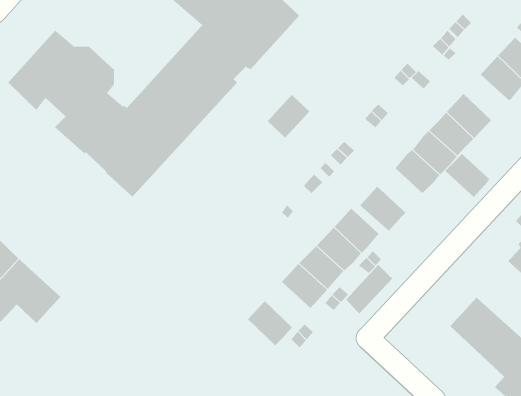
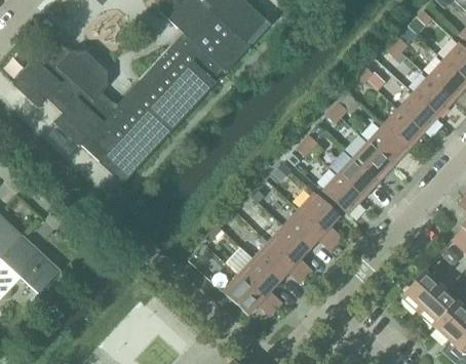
building: none -> [414,76,454,116]
building: [267,94,310,139] -> none
building: [444,153,490,198] -> [338,158,378,197]
building: [345,264,393,314] -> none
building: none -> [239,257,279,297]

